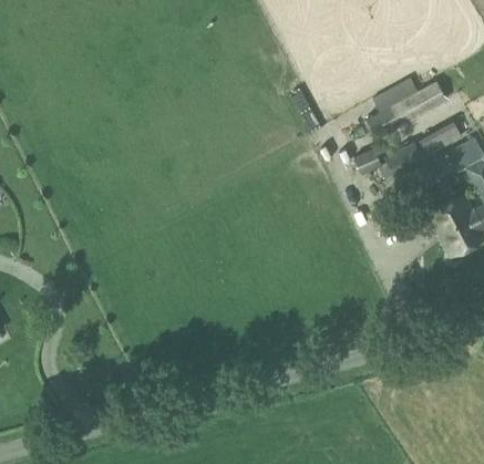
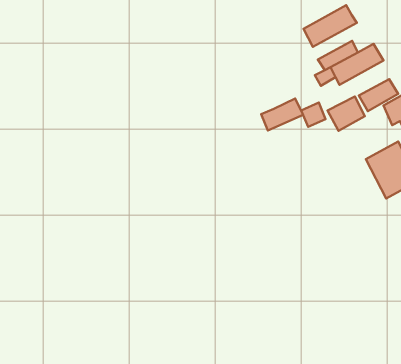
building: none -> [303,5,357,47]
building: none -> [261,99,303,130]

